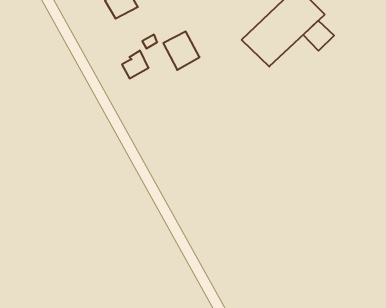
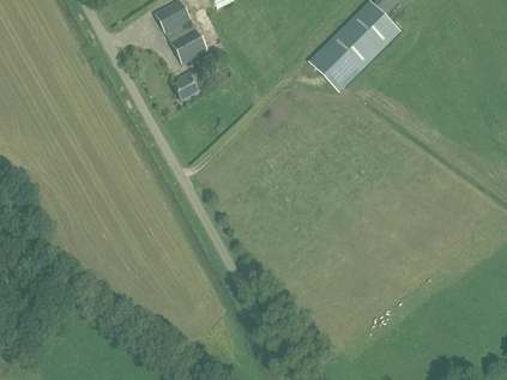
building: [303,21,334,51] -> none
building: [163,31,200,70] -> [167,22,207,65]

